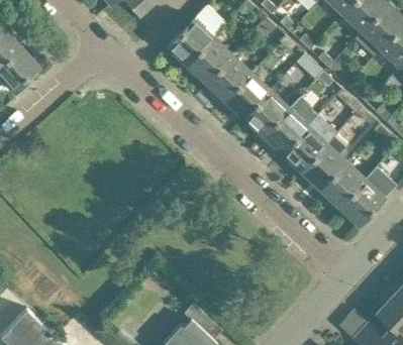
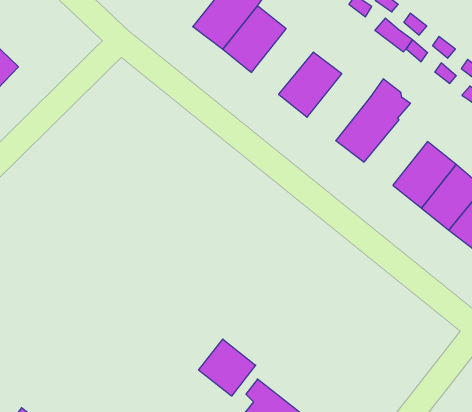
building: [206,54,251,101] -> none
building: [243,90,290,137] -> none
building: [282,126,328,172] -> none
building: none -> [199,339,256,396]

